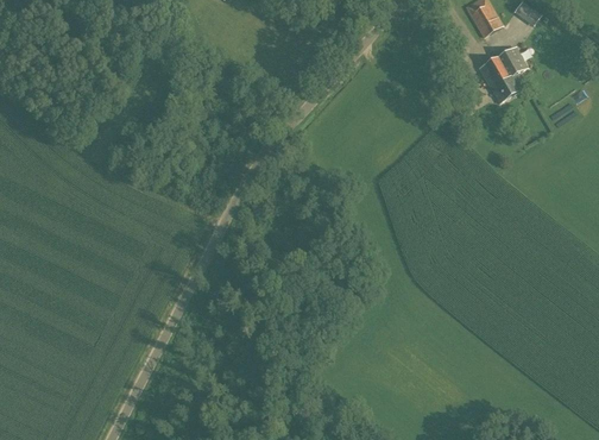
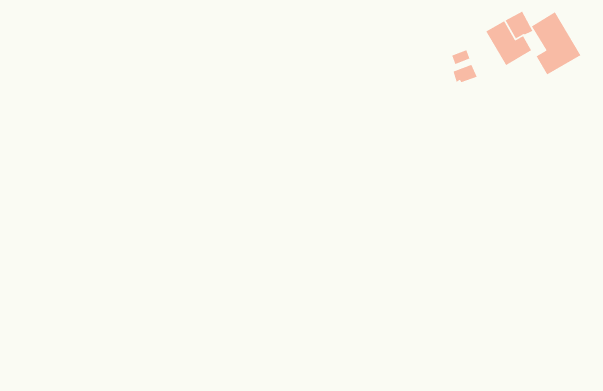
building: none -> [531,11,581,76]

